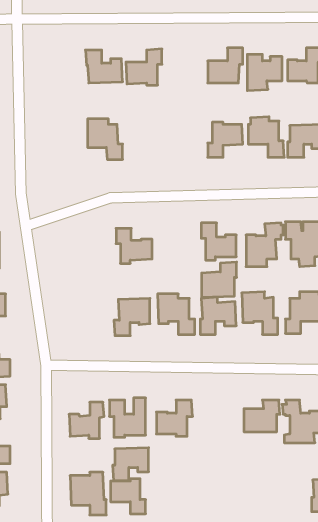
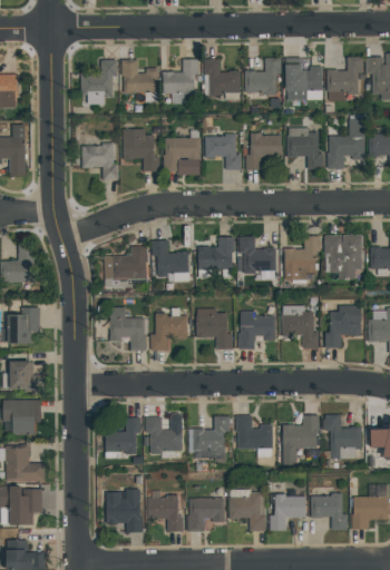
building: none -> [204,58,241,95]
building: none -> [80,59,117,97]
building: none -> [206,134,242,169]
building: none -> [164,138,201,174]
building: none -> [81,142,118,179]
building: none -> [104,245,148,278]
building: [202,262,237,297] -> [198,235,234,271]
building: none -> [110,306,146,351]
building: none -> [236,414,273,449]
building: [113,448,149,481] -> [187,498,224,531]
building: none -> [228,493,265,531]
building: none -> [311,493,348,529]
building: none -> [270,494,305,530]

